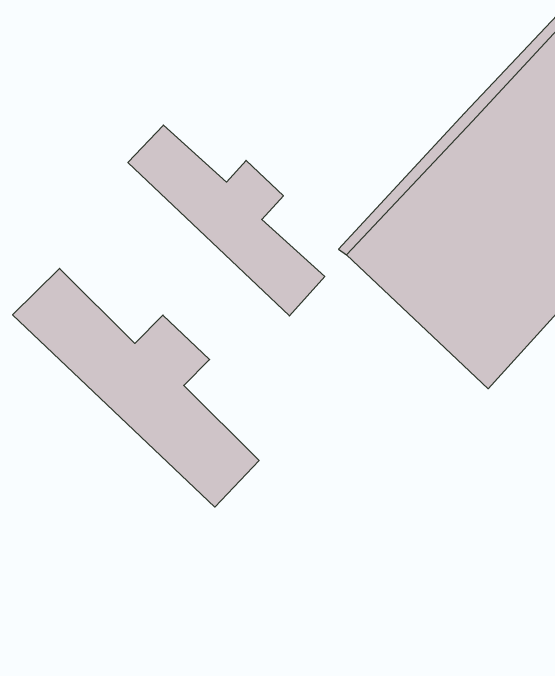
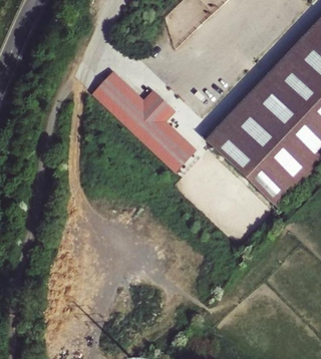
building: [13,268,259,507] -> none

